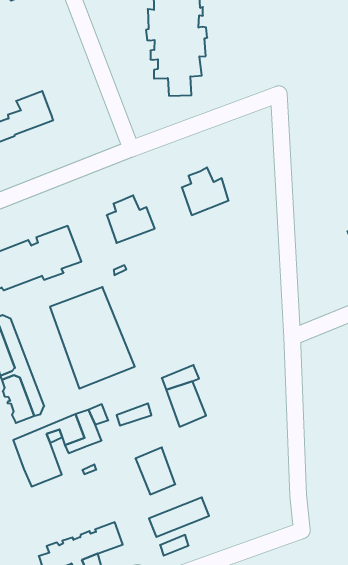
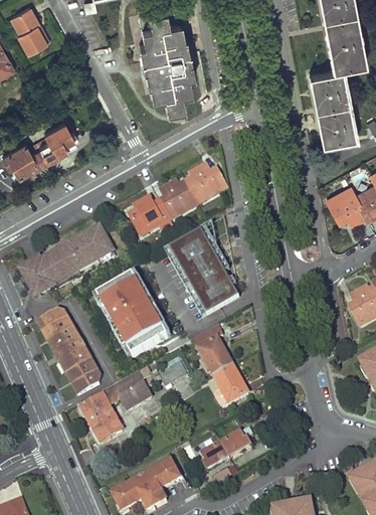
building: none -> [160,180,198,218]
building: none -> [164,226,241,315]
building: [135,447,175,494] -> [213,363,248,402]

